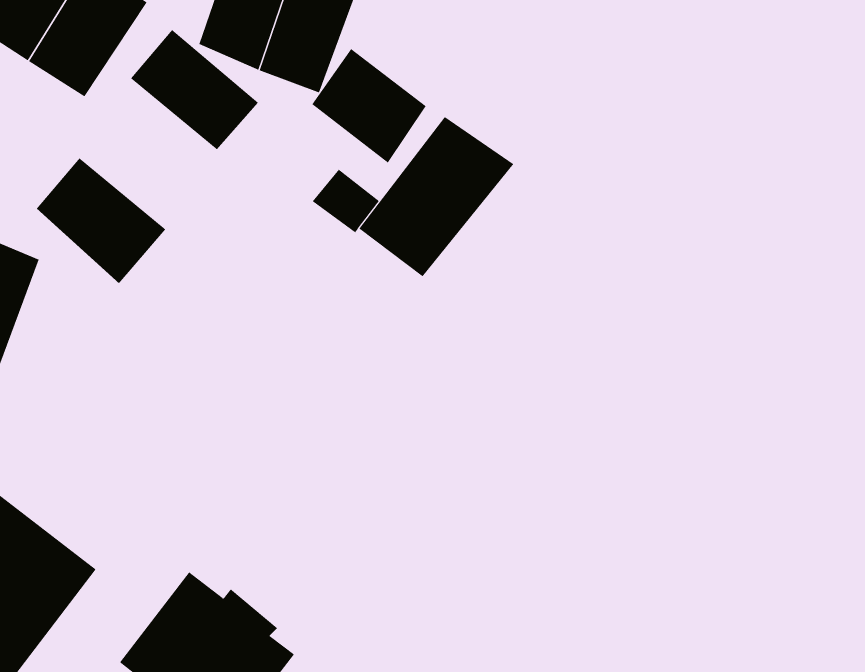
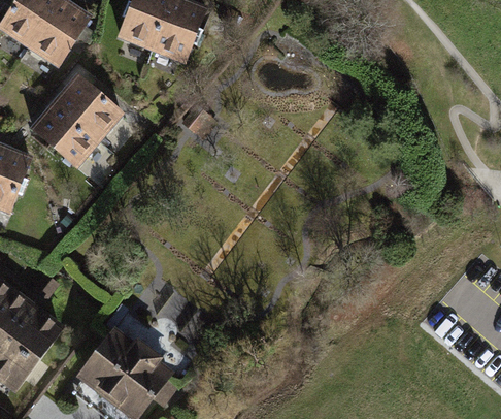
building: [130,29,259,150] -> [54,73,124,139]
building: [312,48,426,163] -> none
building: [359,116,514,277] -> none

